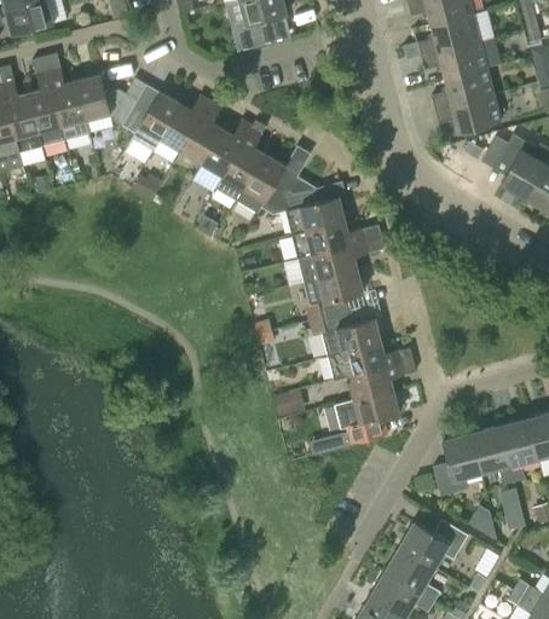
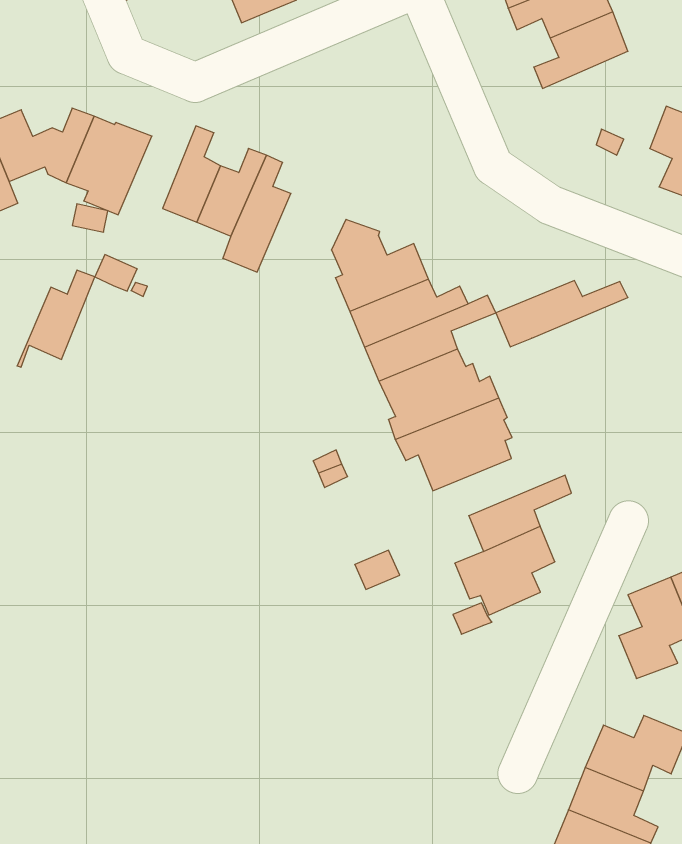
building: [435,93,501,132] -> none
building: [152,94,210,151] -> [17,270,95,367]
building: [236,152,297,214] -> none
building: [328,342,414,378] -> [496,281,628,347]

